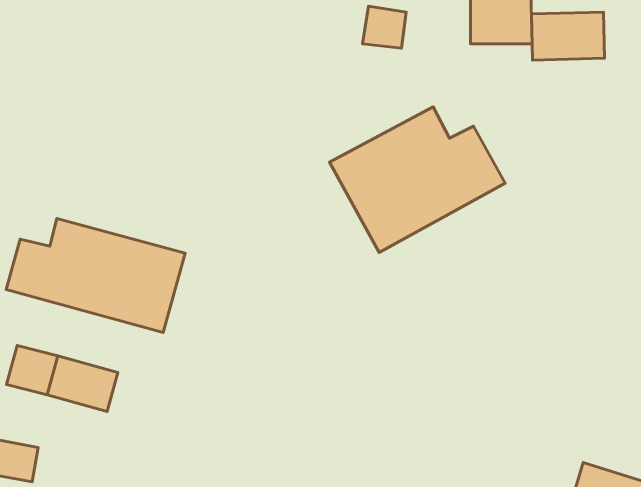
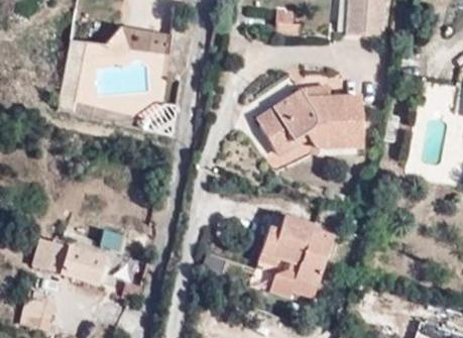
building: [532,12,604,60] -> none
building: [6,219,185,333] -> none
building: none -> [255,209,335,301]

